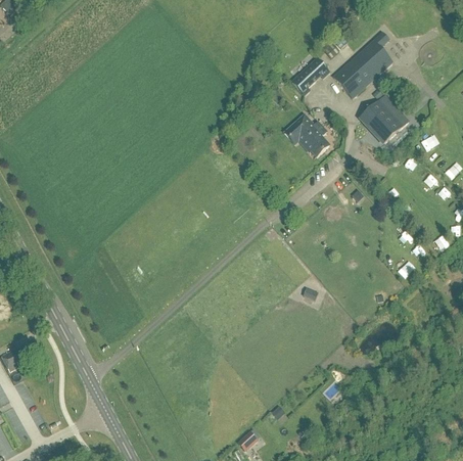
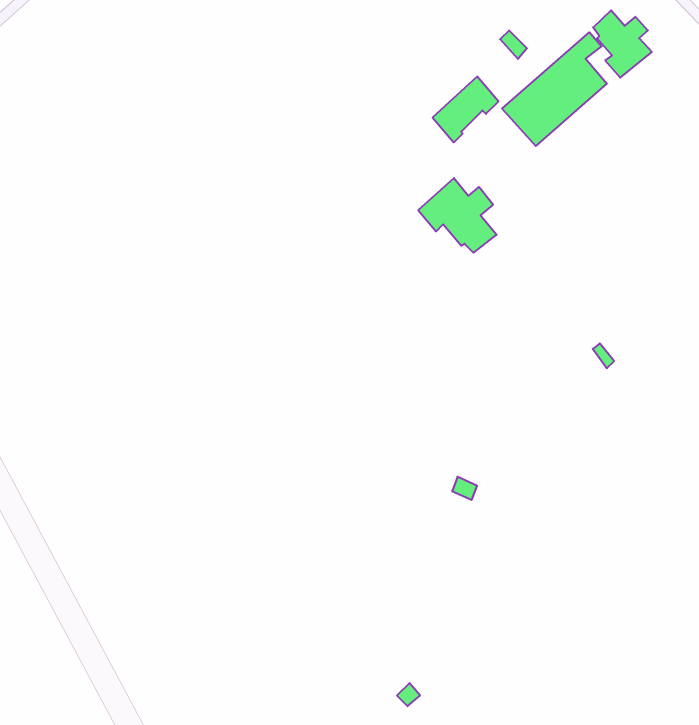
building: none -> [593,10,652,78]
building: [358,94,408,144] -> none

